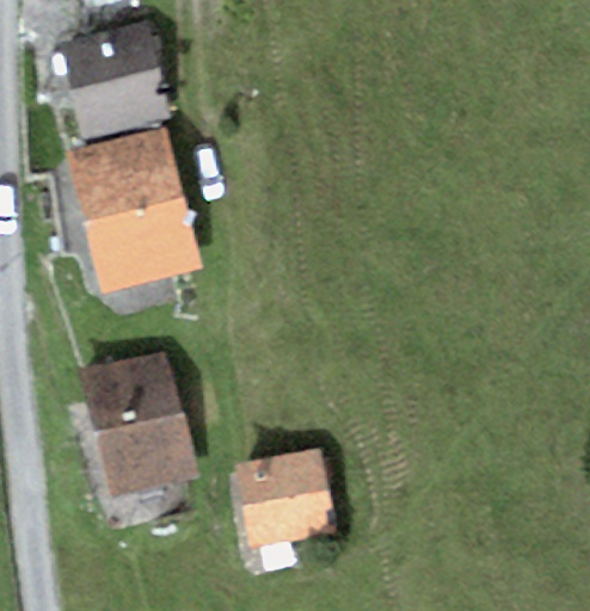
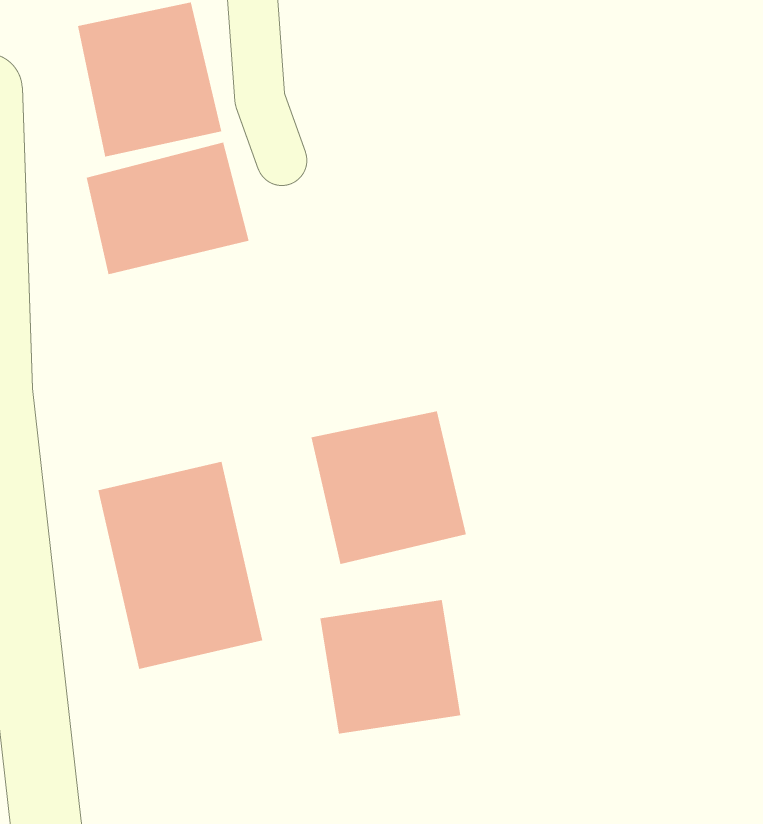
building: [86,198,203,292] -> none
building: none -> [311,411,466,565]

